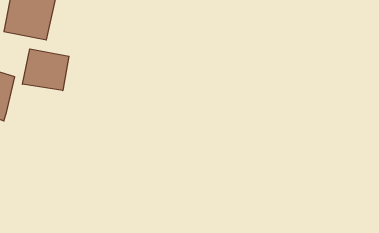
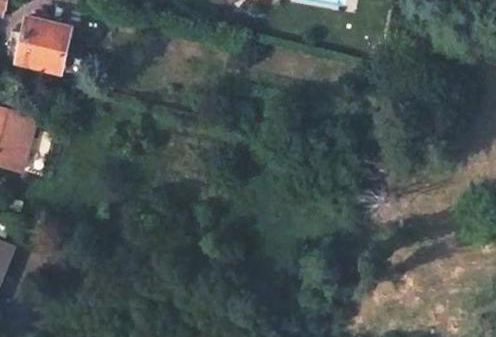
building: [22,49,69,91] -> none

